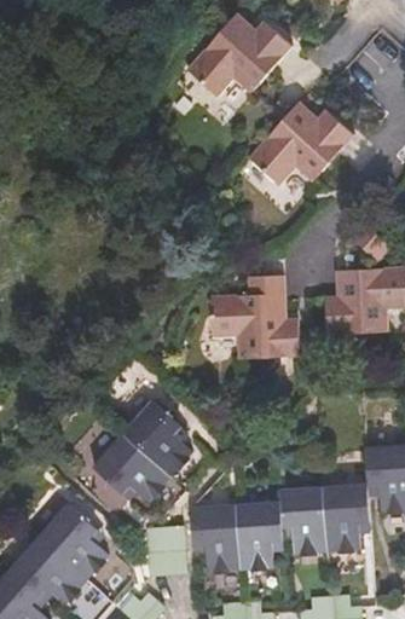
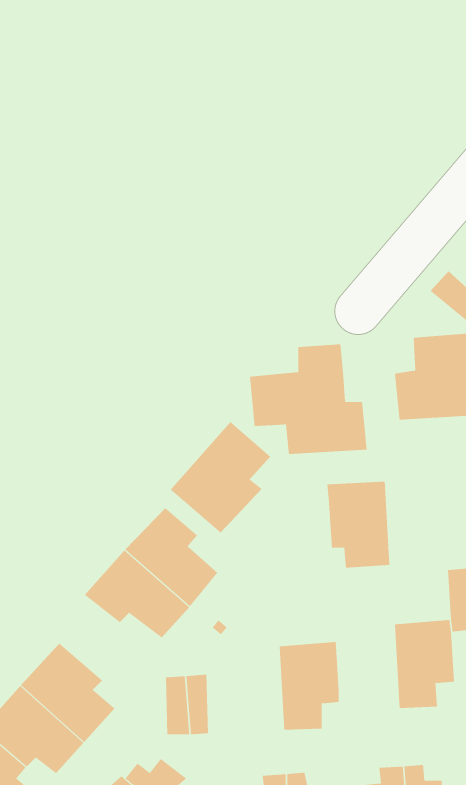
building: [186,15,290,96] -> none
building: [249,102,354,184] -> none
building: none -> [170,421,271,534]
building: [279,492,329,560] -> [326,481,390,568]
building: [190,509,239,577] -> none

